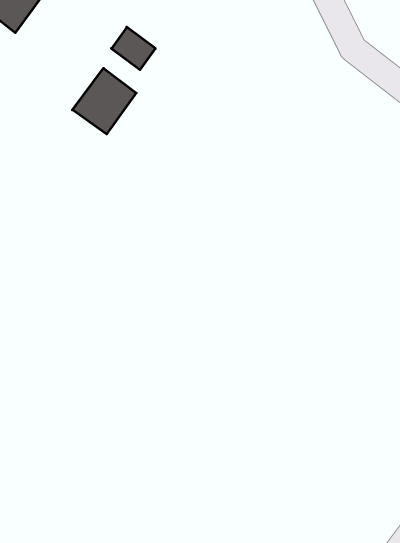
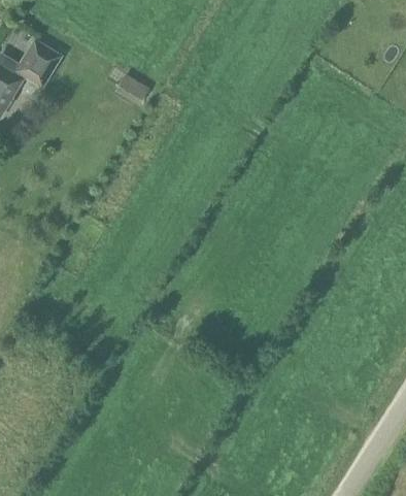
building: [72,68,136,134] -> none

